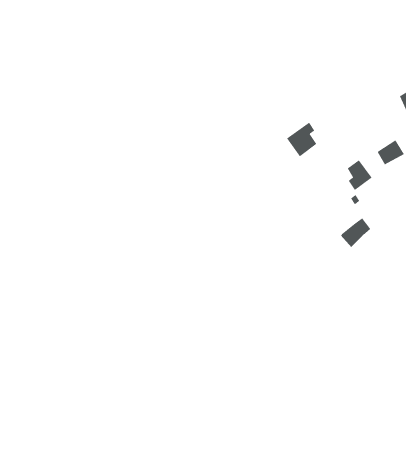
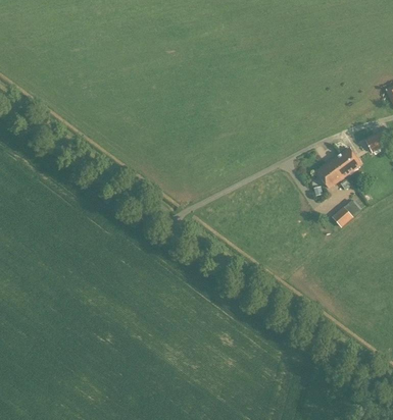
building: [286,122,317,157] -> [316,156,345,189]

